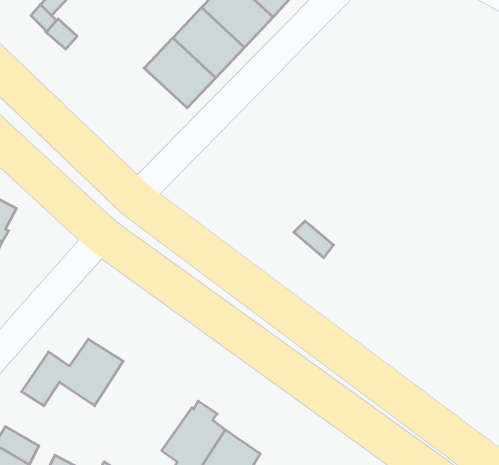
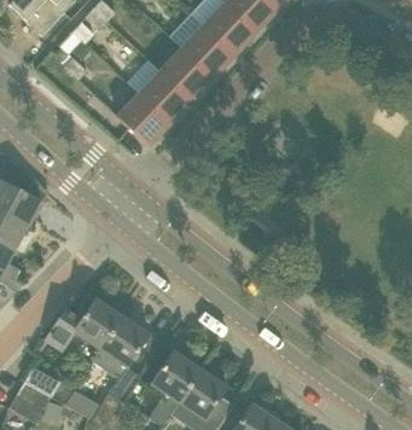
building: none -> [116,93,170,146]
building: none -> [91,315,149,377]

